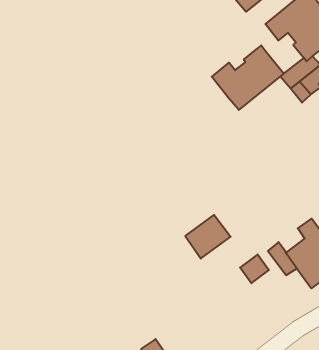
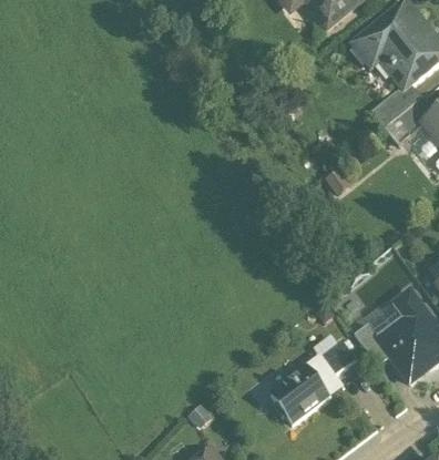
building: [212,45,284,110] -> none
building: [185,215,231,259] -> [272,366,329,421]

